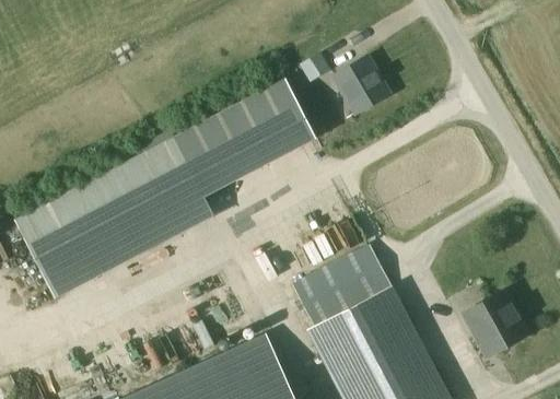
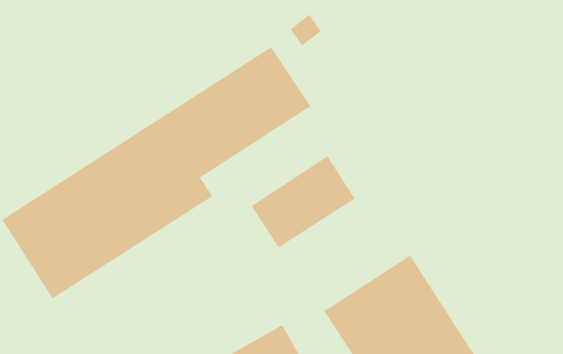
building: [332,57,388,114] -> none
building: [291,244,389,326] -> [251,155,355,248]
building: [462,291,527,351] -> none

